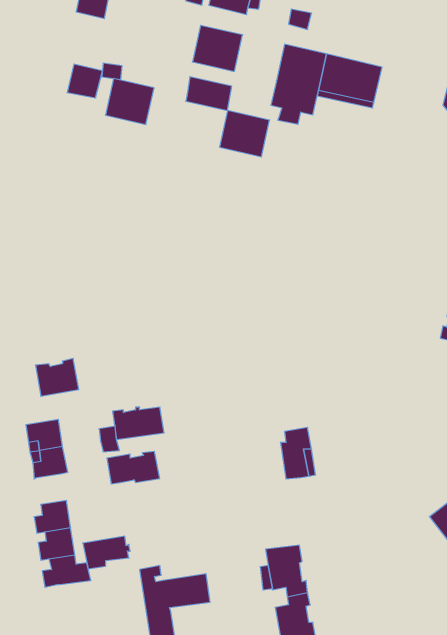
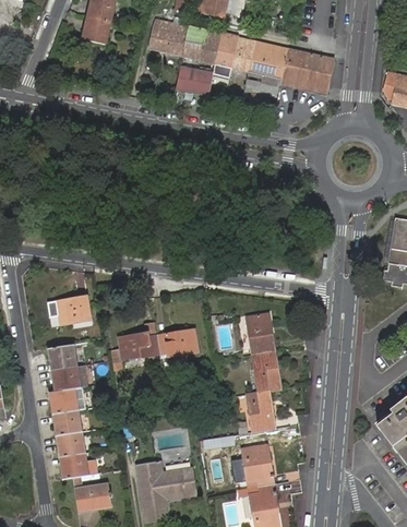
building: [67,64,102,98] -> [82,15,110,43]
building: [105,78,154,125] -> [148,19,188,56]
building: [220,111,270,157] -> [215,34,255,71]
building: none -> [244,312,274,354]
building: [107,451,160,484] -> [155,328,197,355]
building: none -> [50,387,80,415]
building: none -> [248,391,275,431]
building: [83,536,130,569] -> [74,484,112,511]

